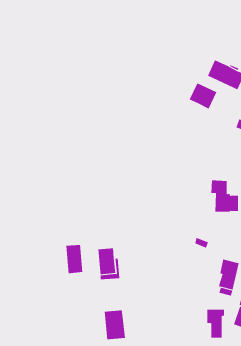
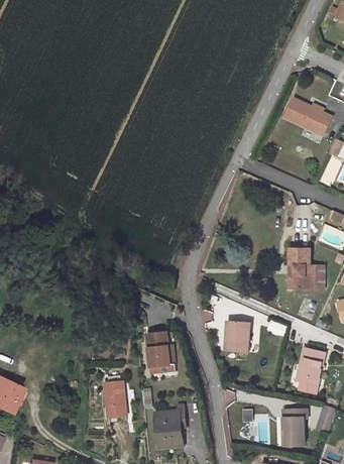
building: [189,82,217,109] -> none
building: none -> [224,321,250,352]
building: [66,245,83,274] -> [105,381,127,418]

